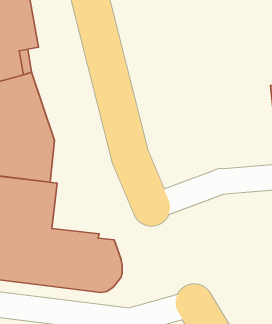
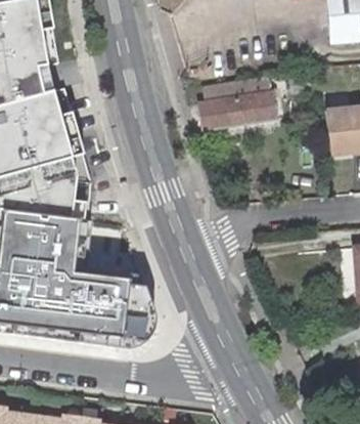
building: none -> [199,82,274,126]

